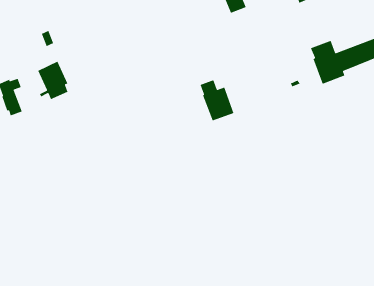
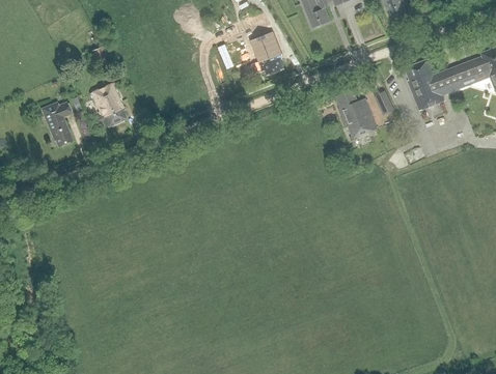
building: none -> [248,32,283,75]
building: [200,79,235,122] -> [336,89,377,138]

